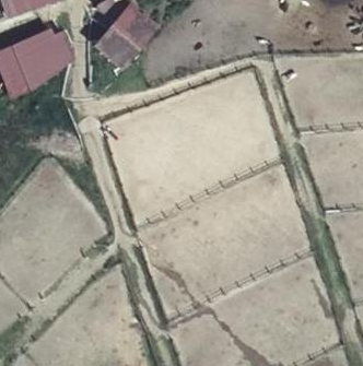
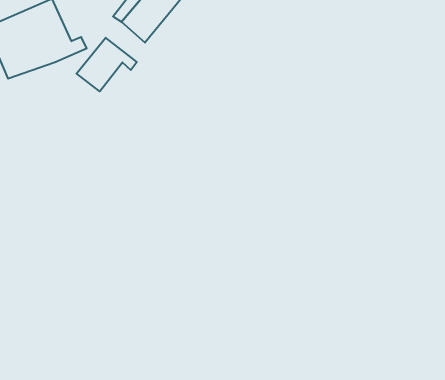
building: none -> [76,38,137,91]

